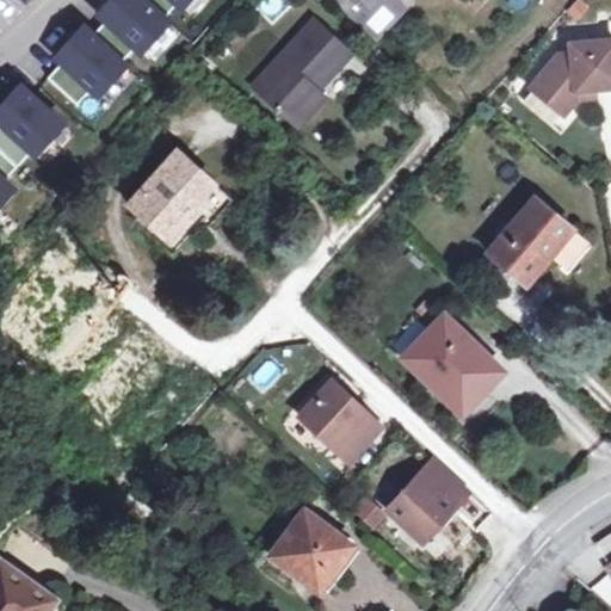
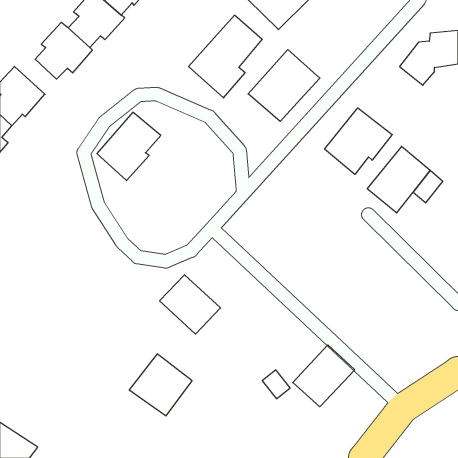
building: none -> [248,50,320,121]
building: none -> [325,108,392,174]
building: [403,317,500,413] -> none
building: [302,382,383,461] -> [160,275,221,334]
building: [269,508,352,591] -> [129,354,192,416]

